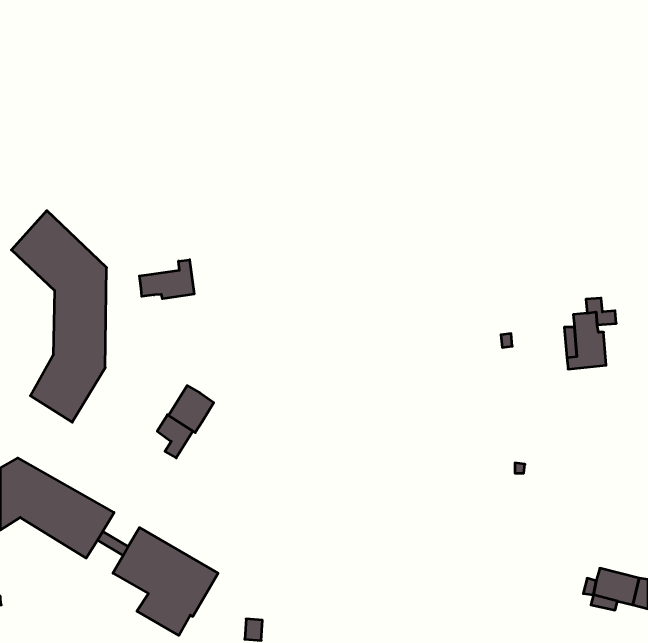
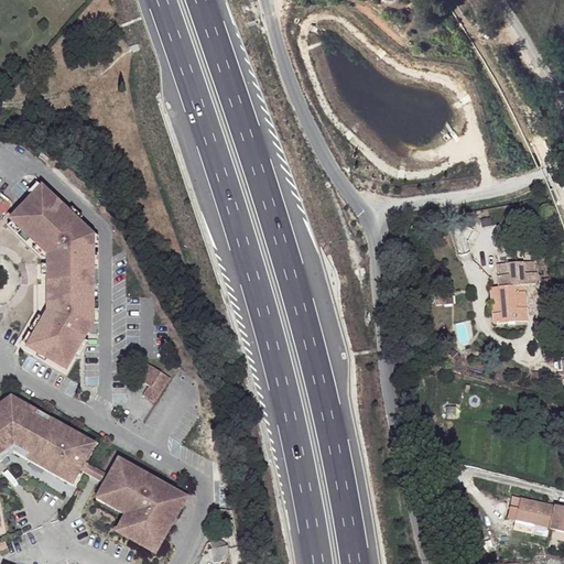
building: [139,260,194,299] -> none
building: [169,386,214,433] -> none

